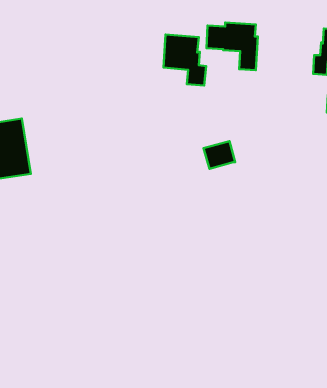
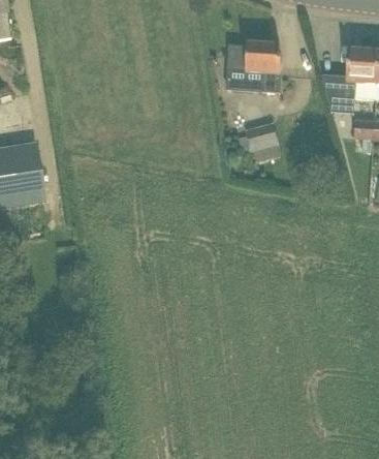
building: [163,35,206,86] -> none
building: [204,141,235,169] -> [246,121,279,150]

